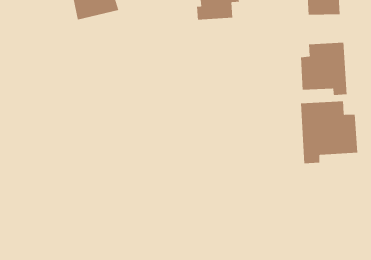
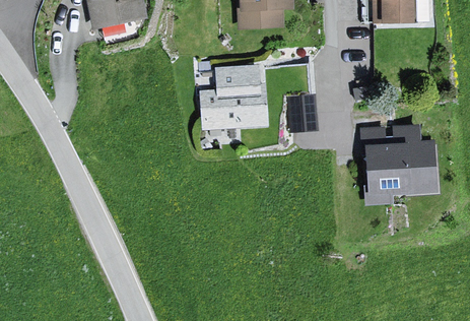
building: [300,42,347,96] -> none
building: none -> [203,65,264,127]

